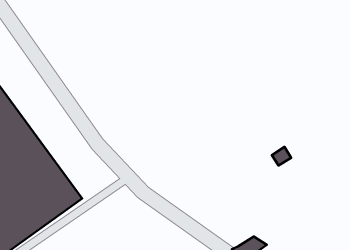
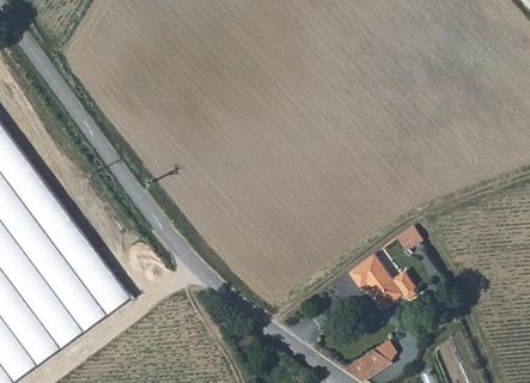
building: none -> [347,254,415,306]

